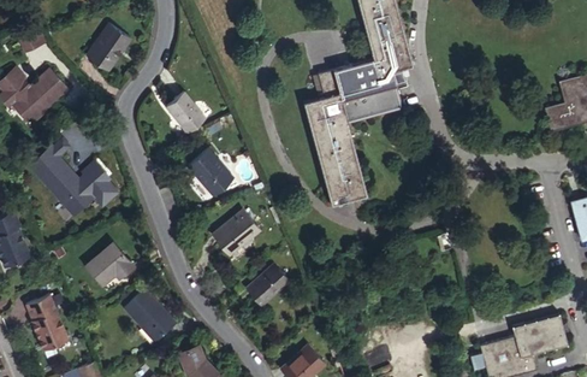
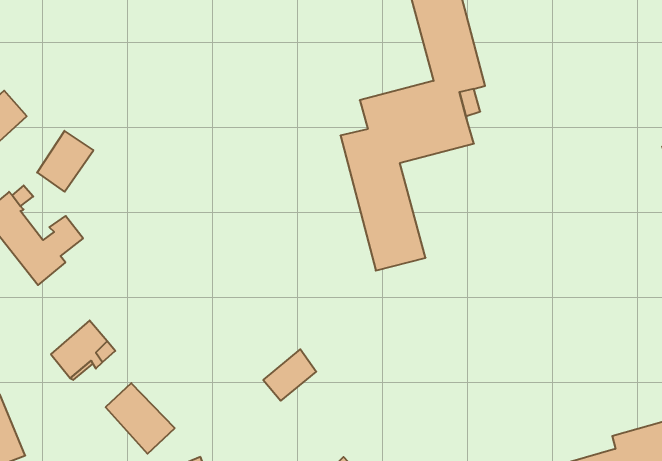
building: [89,26,131,72] -> [37,131,93,192]
building: [167,93,206,134] -> none
building: [189,149,232,196] -> none
building: [213,210,257,253] -> none

